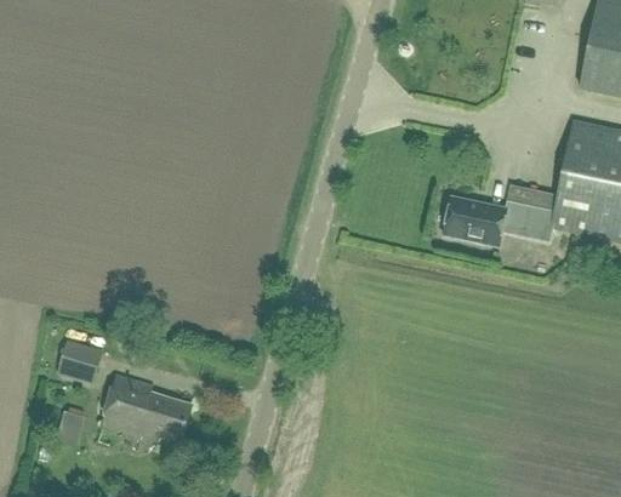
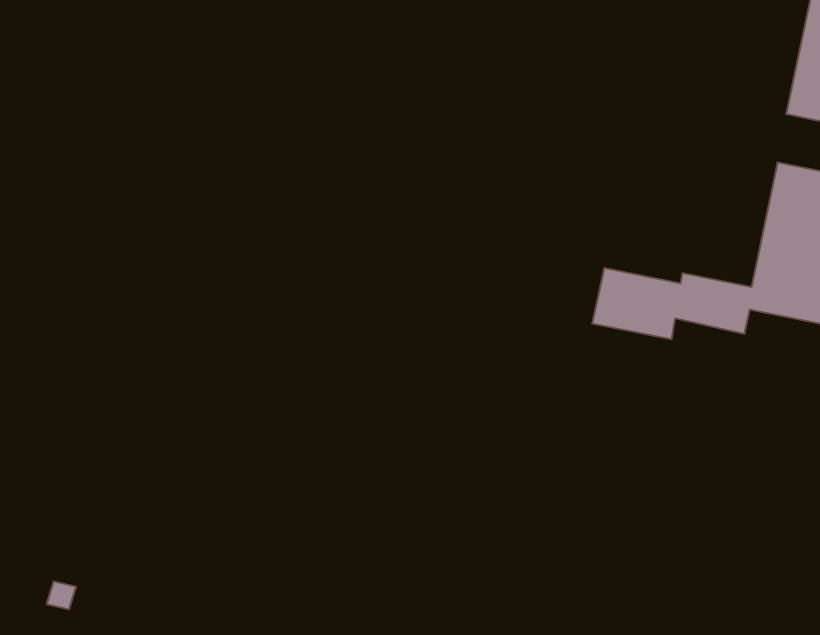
building: [57,339,103,384] -> none
building: [99,372,192,441] -> none

